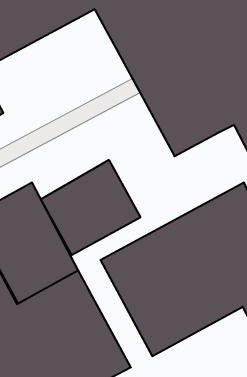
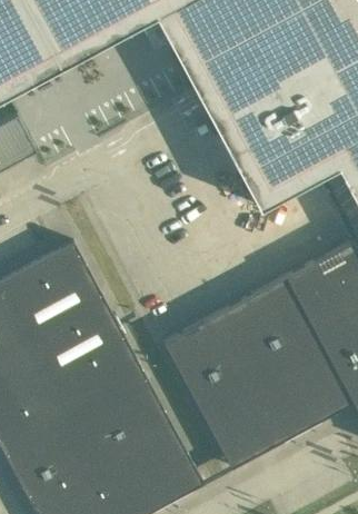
building: [41,160,140,255] -> none

